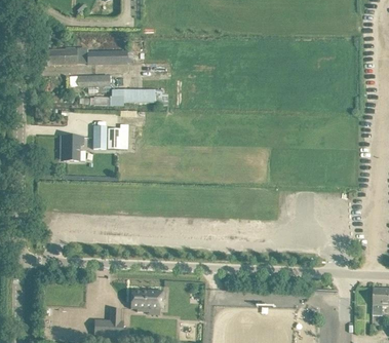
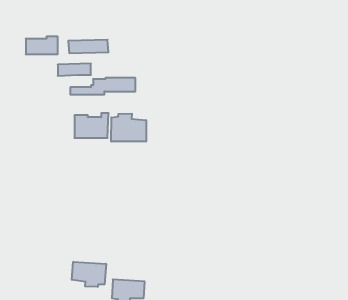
building: none -> [111,114,146,142]
building: [61,136,85,160] -> none
building: none -> [72,262,106,287]

